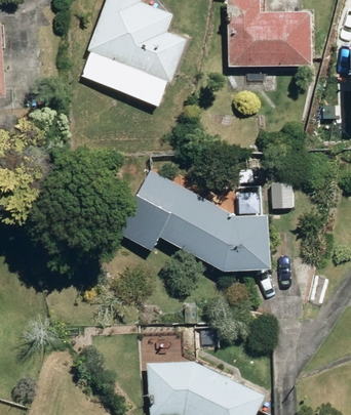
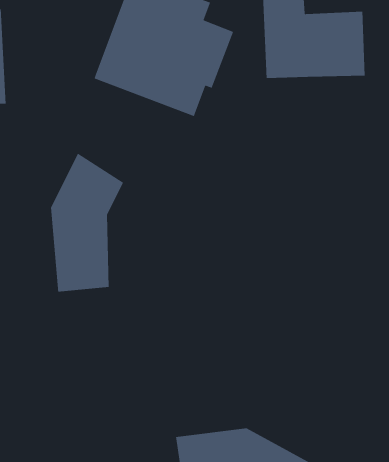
building: none -> [50,152,124,293]
building: [127,173,279,267] -> none

